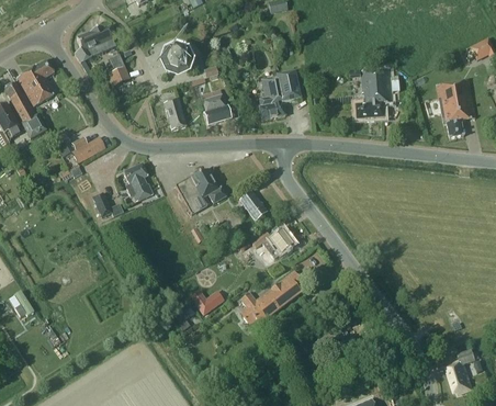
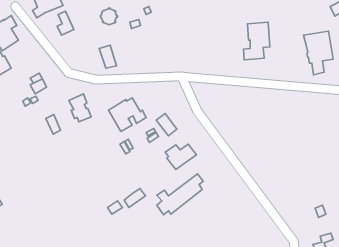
building: [259,71,301,120] -> none
building: [203,94,230,124] -> none

